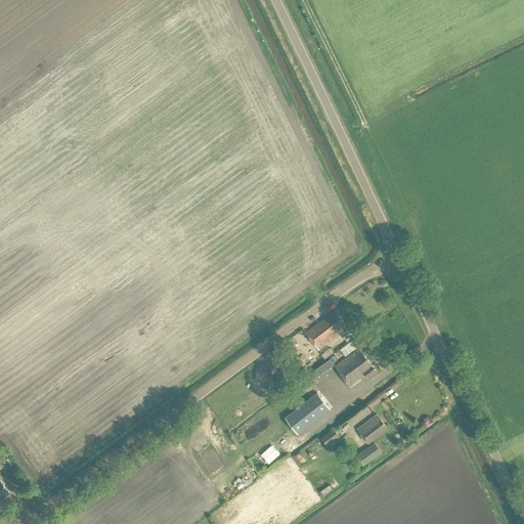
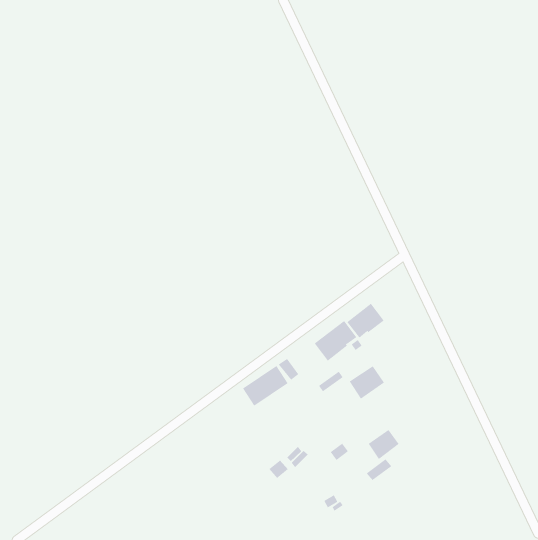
building: none -> [347,303,385,338]
building: [281,390,326,430] -> [242,365,289,406]

